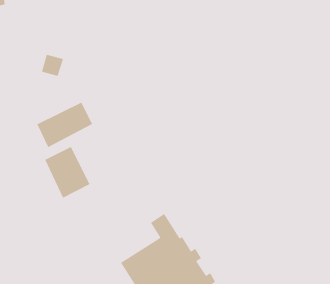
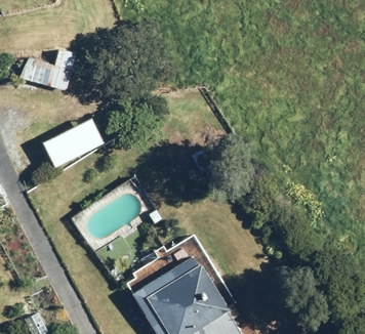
building: [44,146,90,198] -> none

